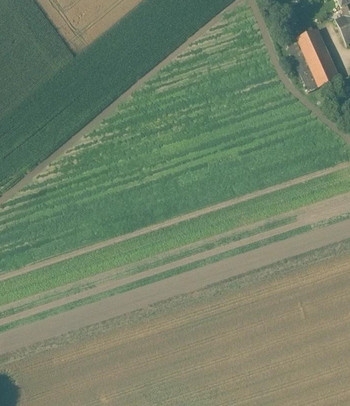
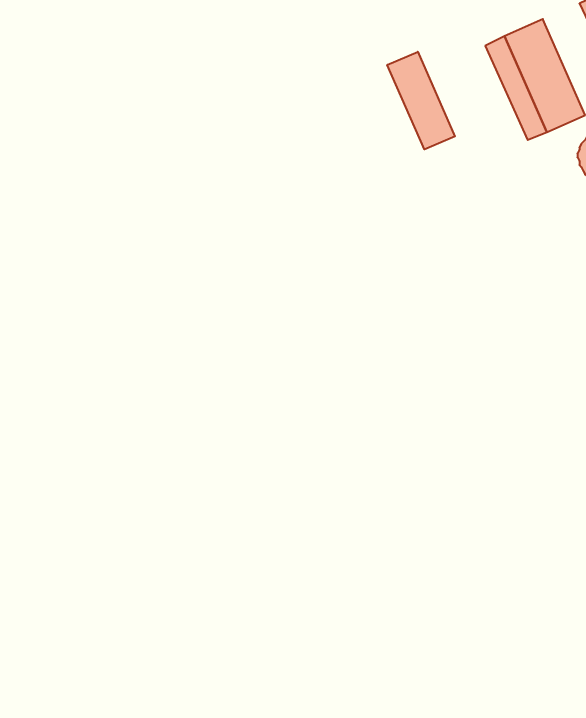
building: none -> [387,52,455,149]

